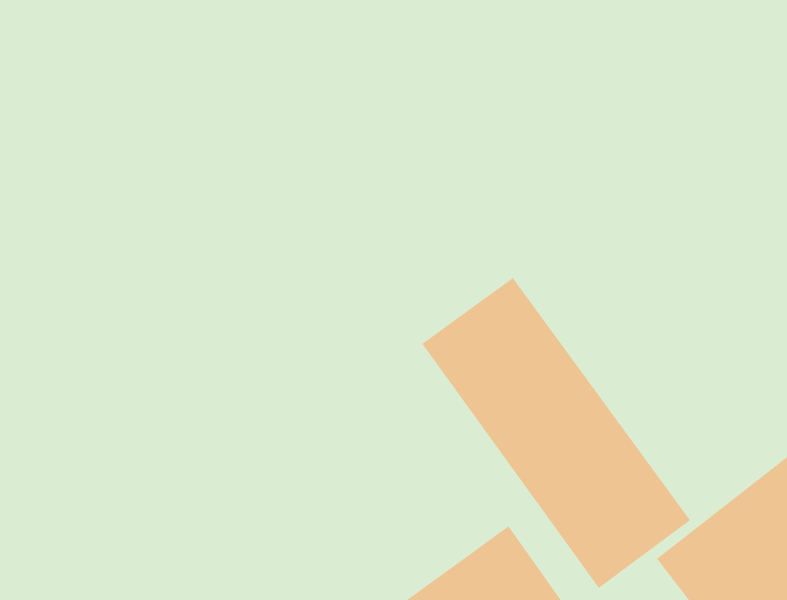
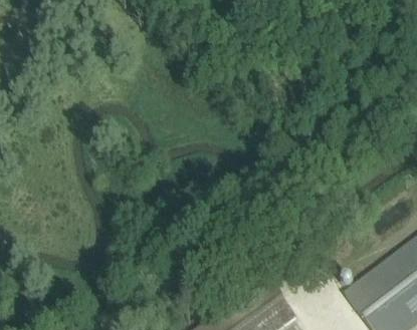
building: [422,277,691,589] -> none

